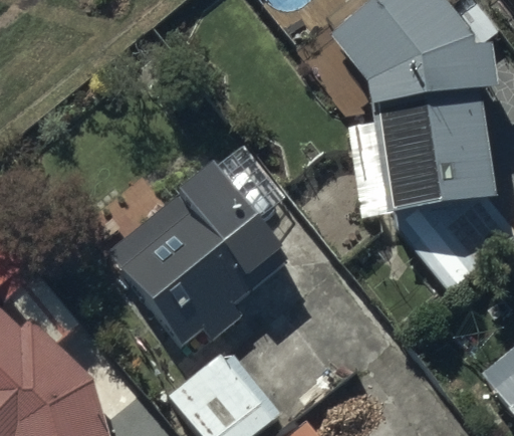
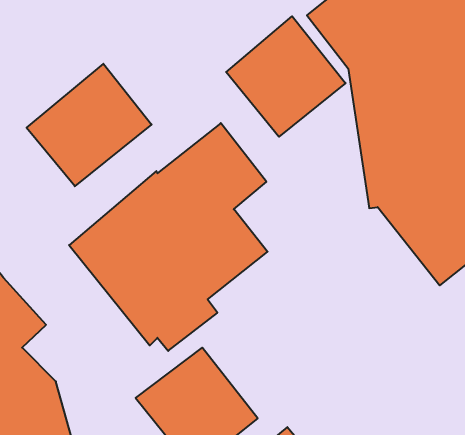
building: none -> [226,16,346,137]
building: none -> [27,64,152,186]

